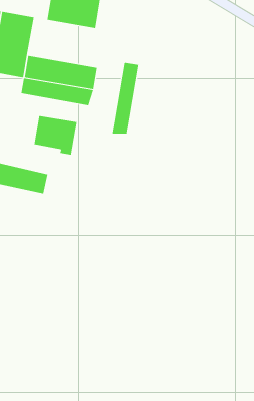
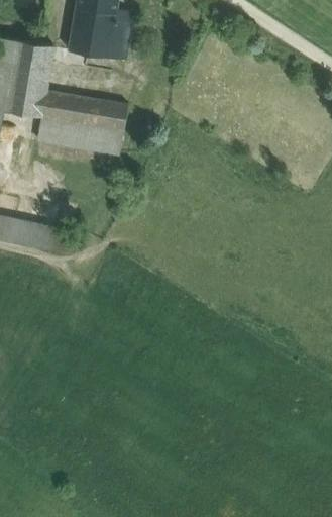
building: [112,62,139,135] -> none
building: [34,115,77,156] -> none

